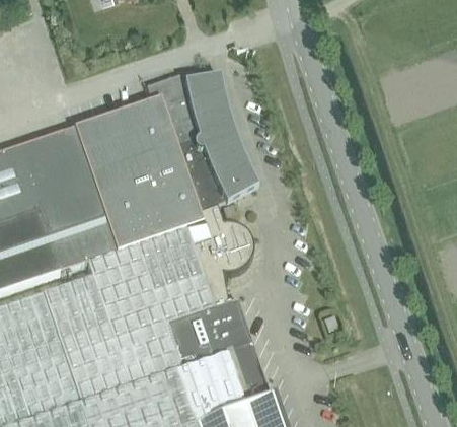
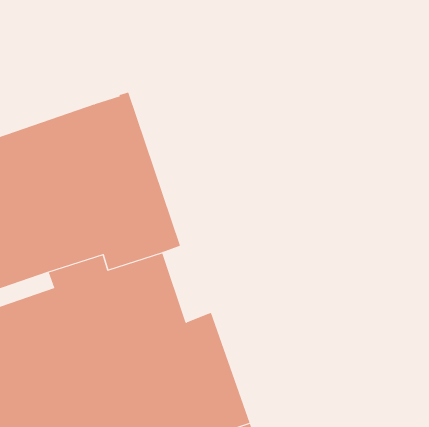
building: [146,78,257,314] -> none

